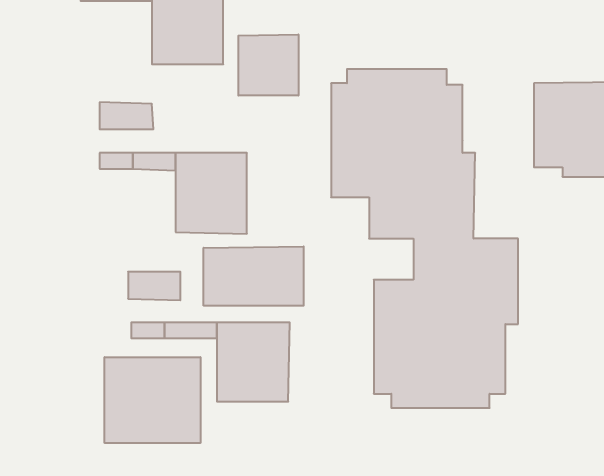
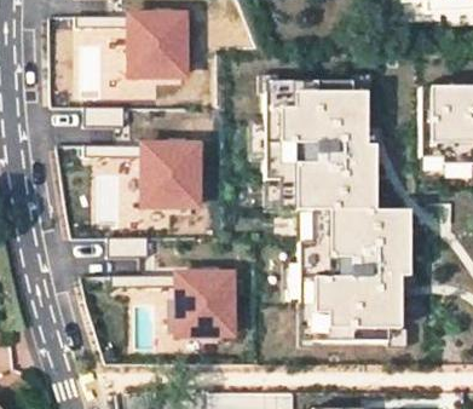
building: [238,34,298,96] -> none
building: [204,246,304,306] -> none
building: [105,357,200,443] -> none

